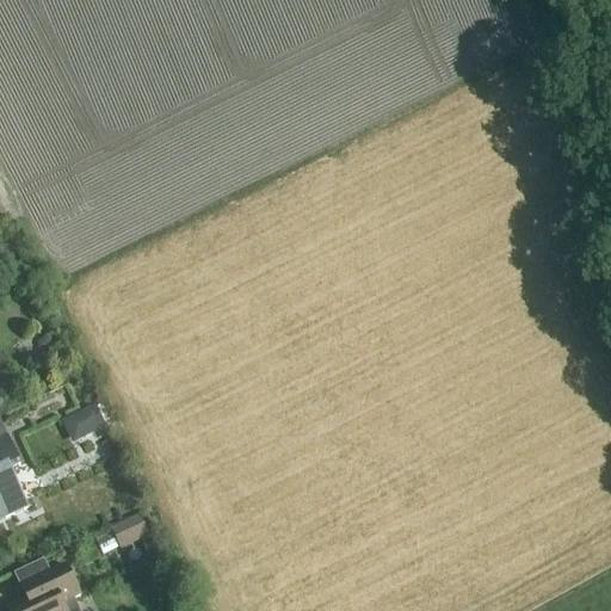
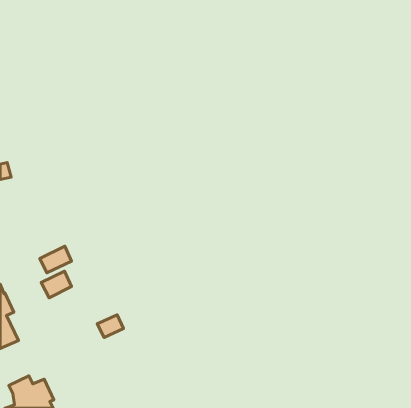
building: none -> [40,246,71,273]
building: [110,513,149,547] -> [97,315,124,337]

